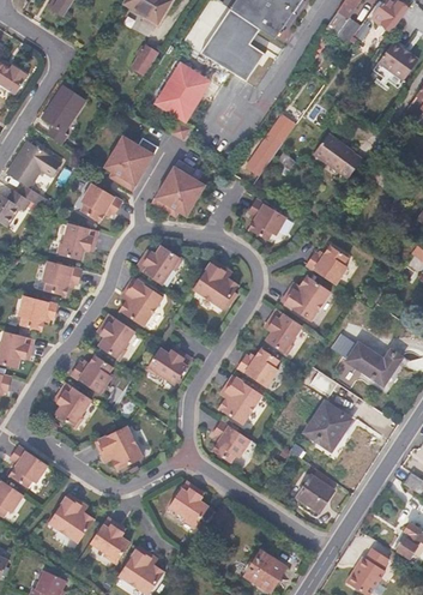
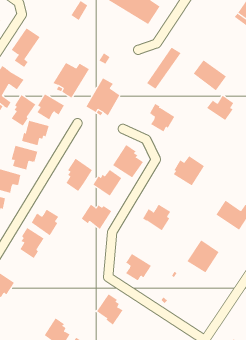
building: [155,61,210,122] -> none
building: none -> [11,94,36,126]
building: [135,244,180,284] -> [92,169,122,197]
building: [306,245,348,283] -> [206,95,234,121]
building: [264,307,302,353] -> none
building: [97,313,134,360] -> none
building: [217,373,261,425] -> none
building: [95,425,143,470] -> none
building: [295,474,334,517] -> none
building: [48,493,93,543] -> none

